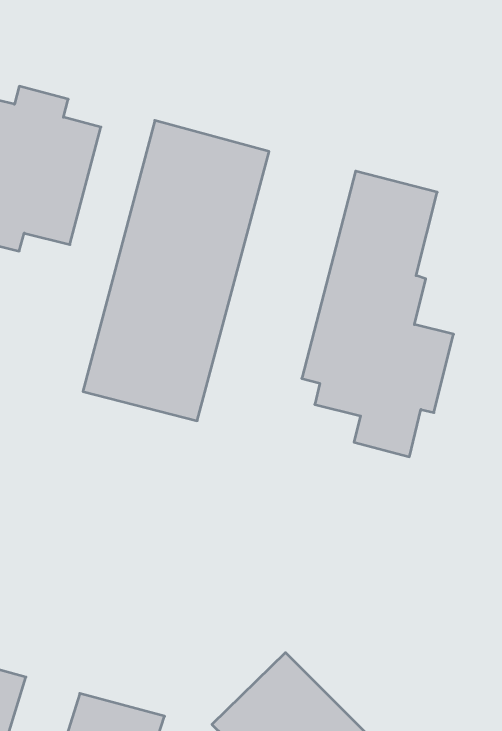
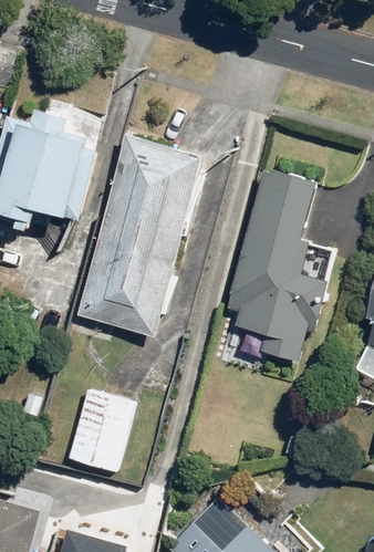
building: none -> [66,389,135,475]

